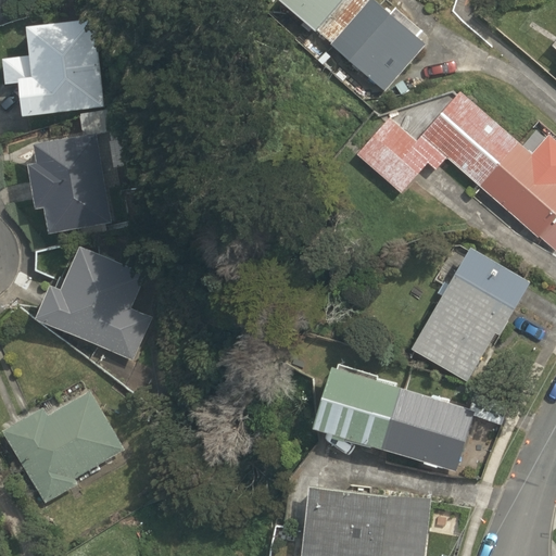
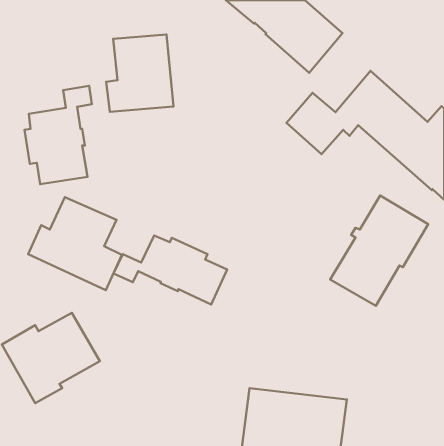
building: [18,18,102,114] -> [106,35,174,112]
building: none -> [113,236,227,305]
building: [312,363,476,471] -> none

